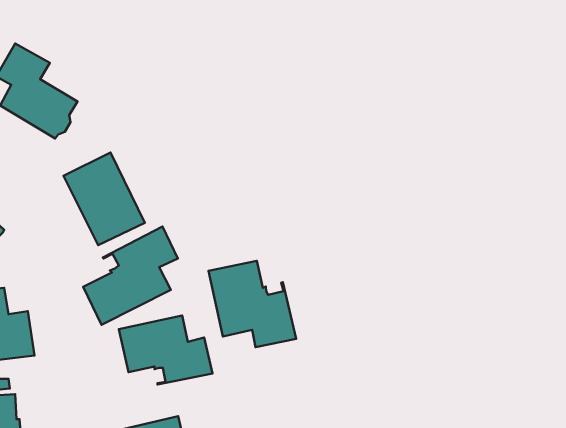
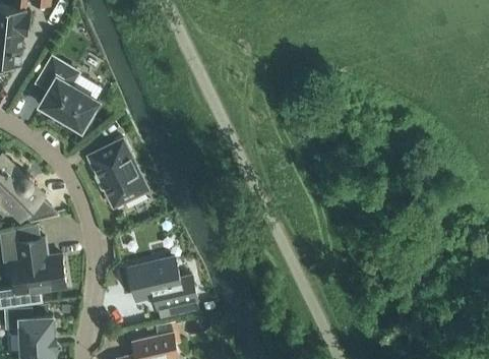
building: [83,227,178,325] -> none
building: [208,261,296,347] -> none

